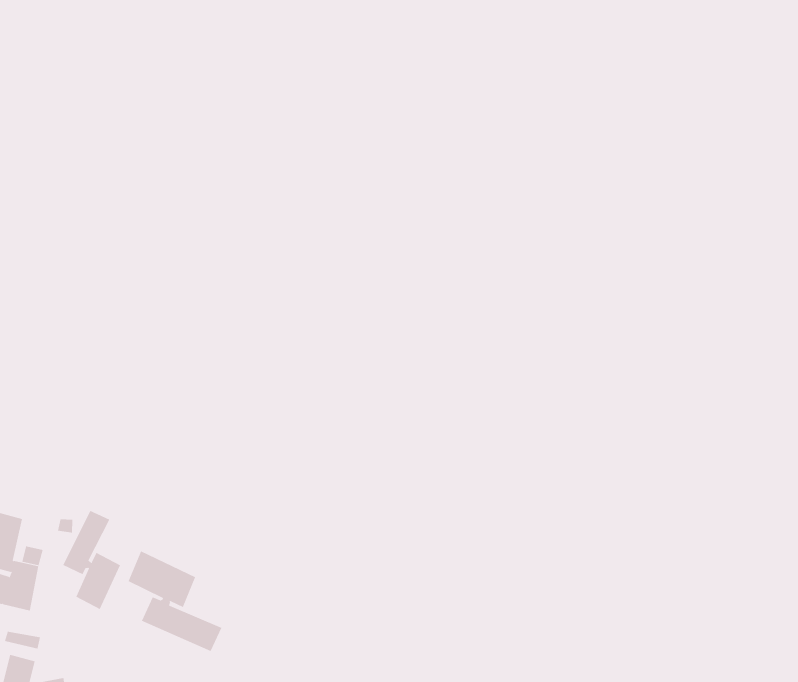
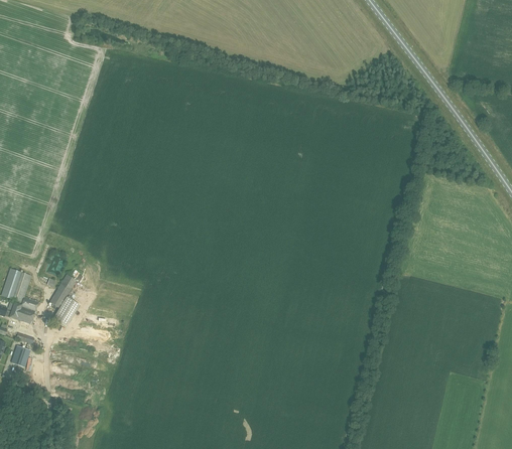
building: [128,551,222,652] -> none

